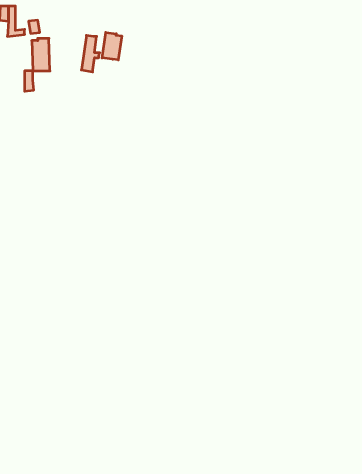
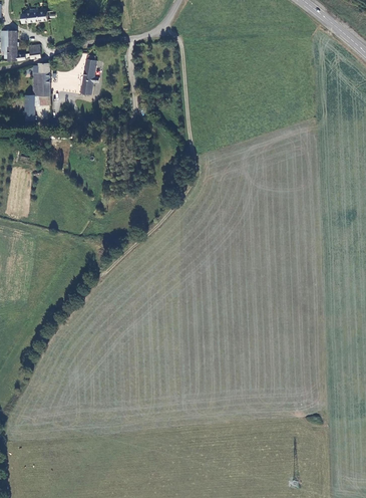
building: [102,32,122,60] -> none

